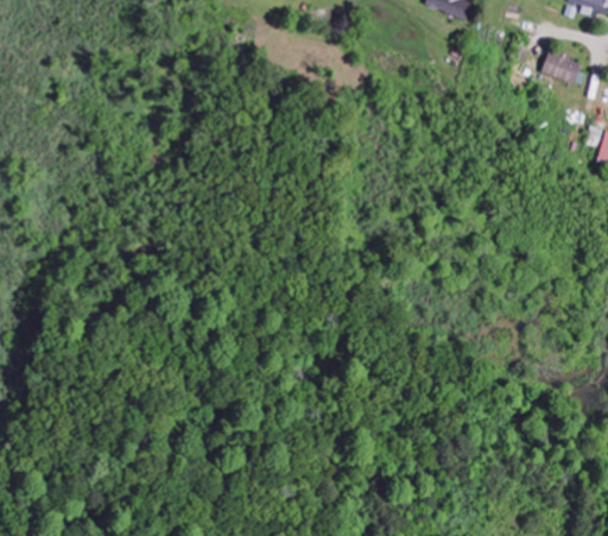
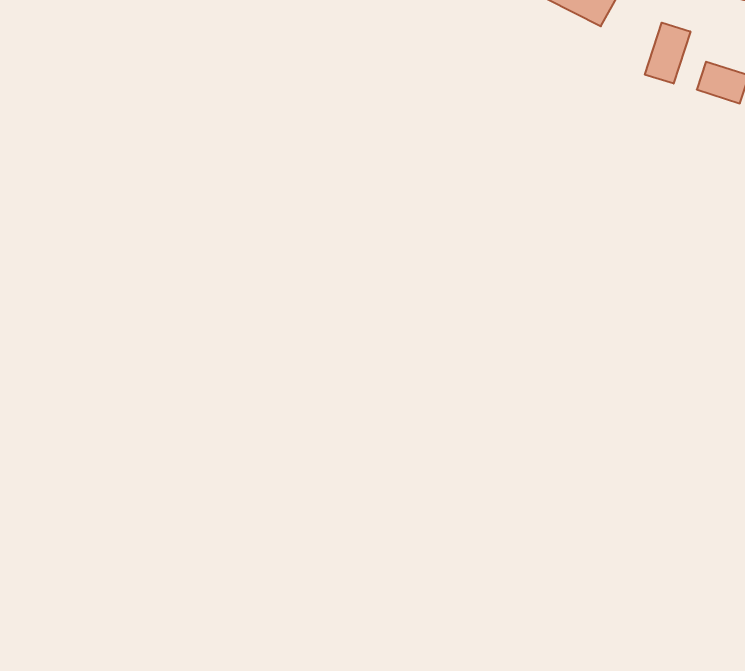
building: none -> [645,23,690,84]

